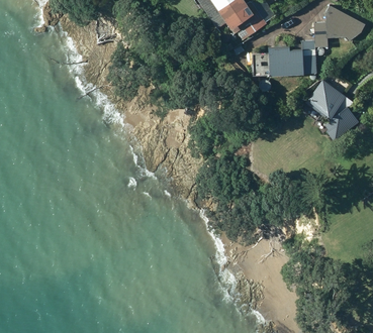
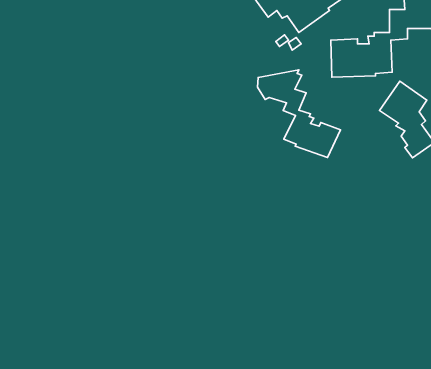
building: none -> [257,70,341,157]

